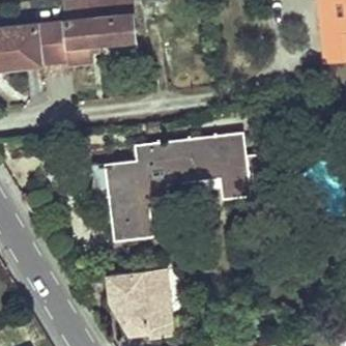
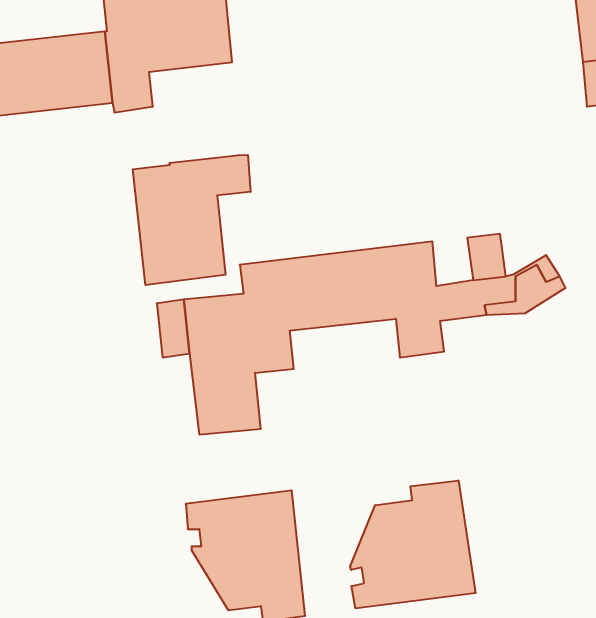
building: none -> [133,155,251,285]
building: none -> [350,480,476,608]

